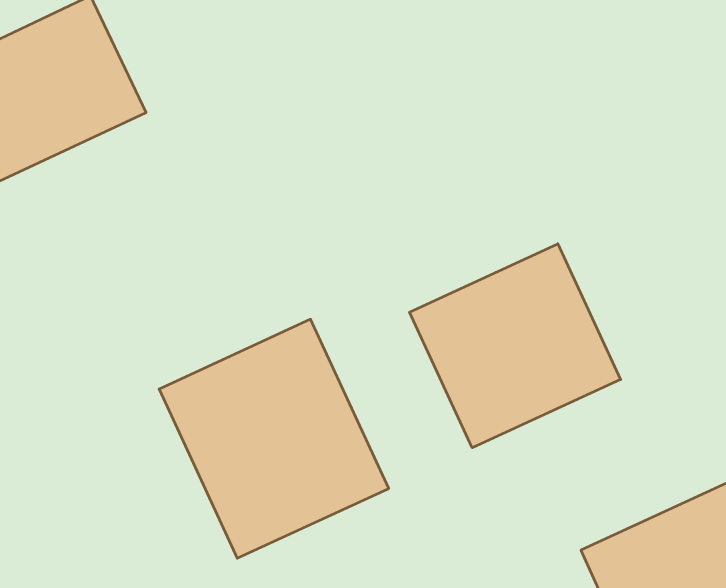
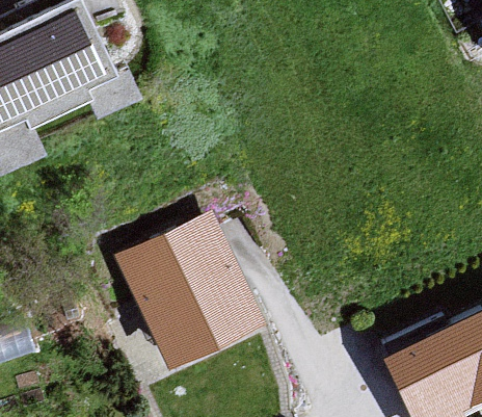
building: [410,244,621,448] -> none

